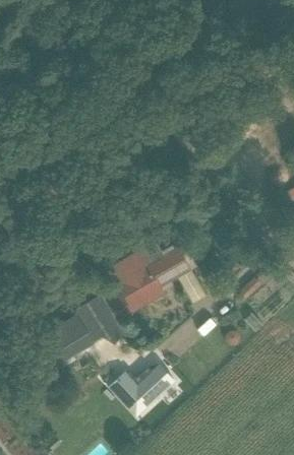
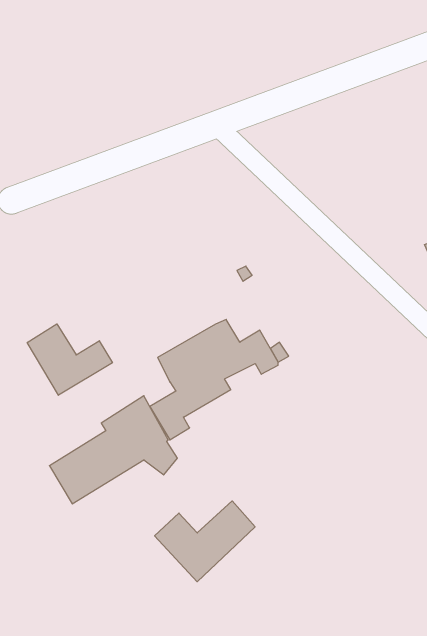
building: none -> [27,324,112,395]

